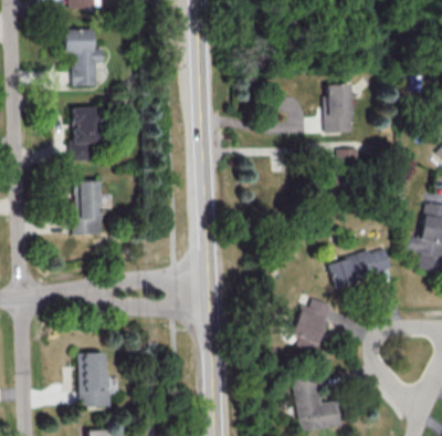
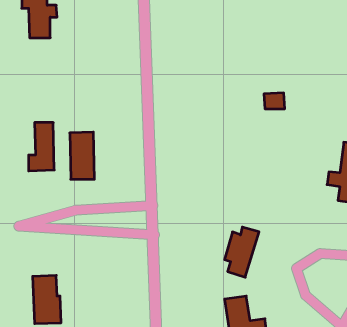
building: [325,85,352,134] -> none
building: [72,107,99,160] -> [70,132,94,179]
building: [328,248,391,287] -> none

